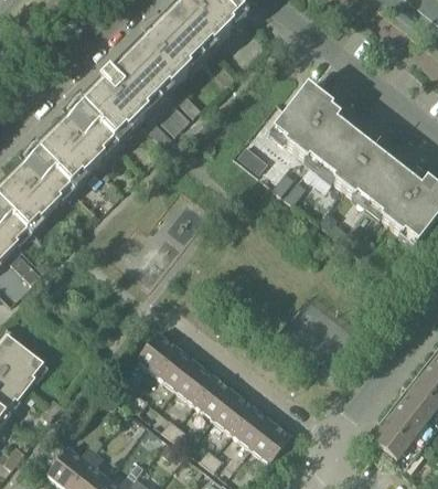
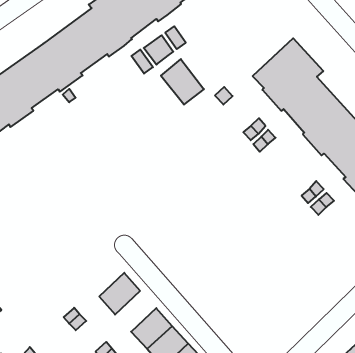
building: none -> [161,59,204,105]
building: [135,331,175,373] -> none
building: [173,361,213,403] -> none

